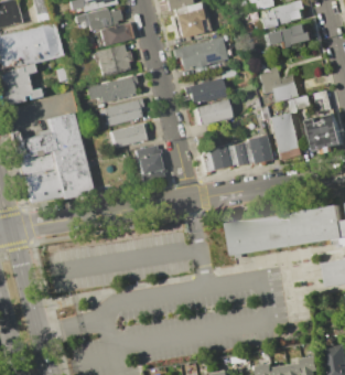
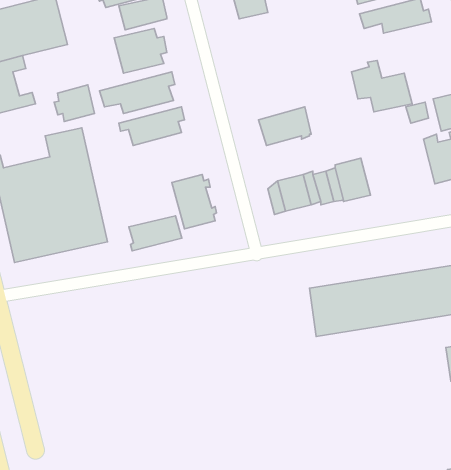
building: [171,36,226,69] -> none
building: [184,77,226,103] -> none
building: none -> [54,85,95,121]
building: [260,106,302,160] -> none
building: [109,124,145,148] -> [129,216,182,251]

